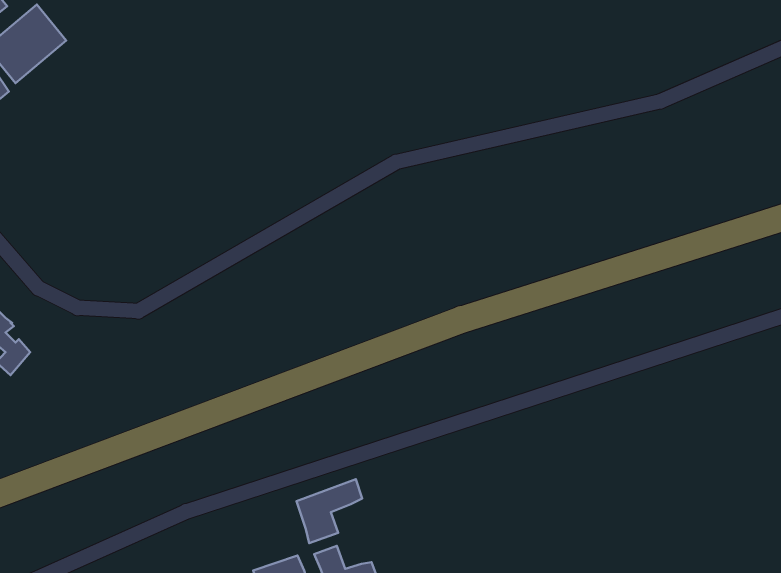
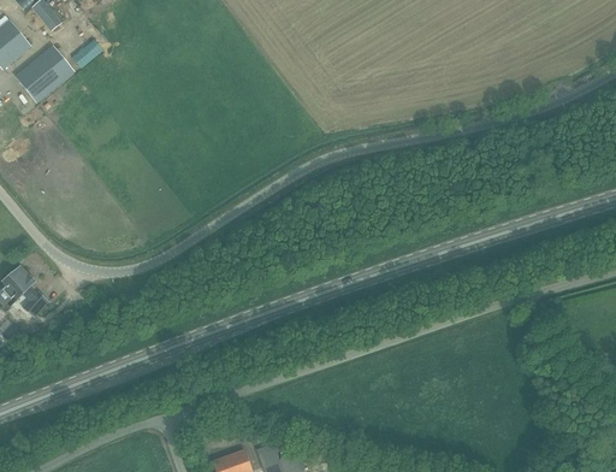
building: [296,479,362,543] -> none

